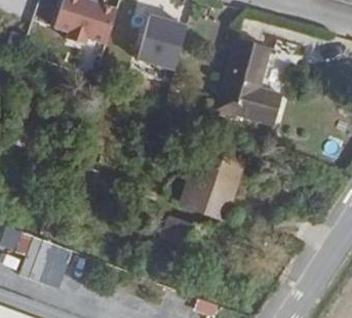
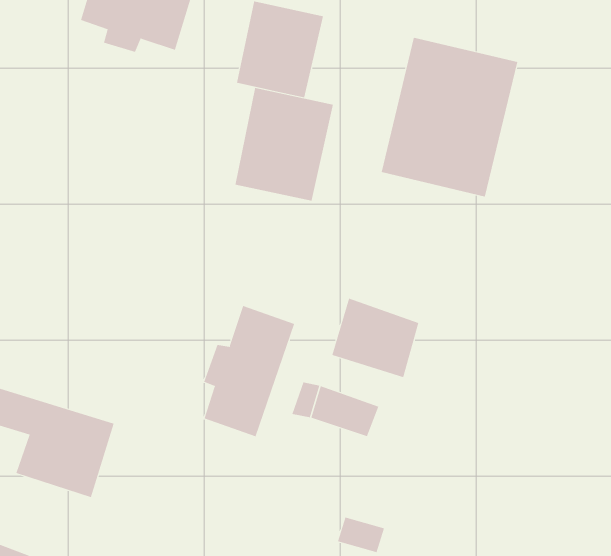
building: none -> [235,87,333,201]
building: [197,151,243,190] -> none
building: none -> [203,305,295,437]

